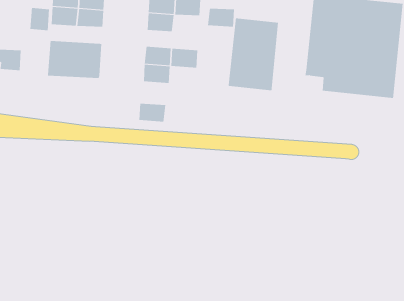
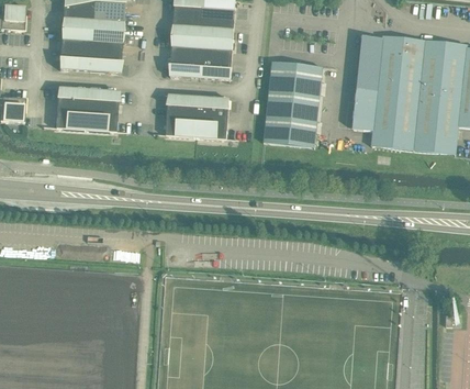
building: [30,7,50,31] -> none
building: [207,8,235,27] -> [200,57,232,79]
building: [138,103,166,122] -> [197,116,228,138]

